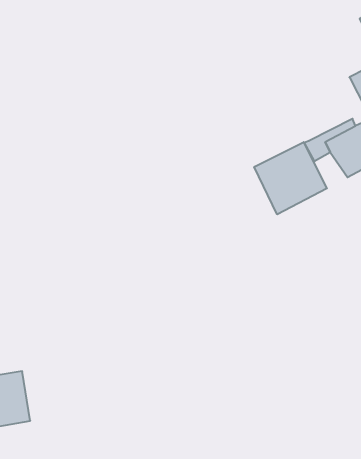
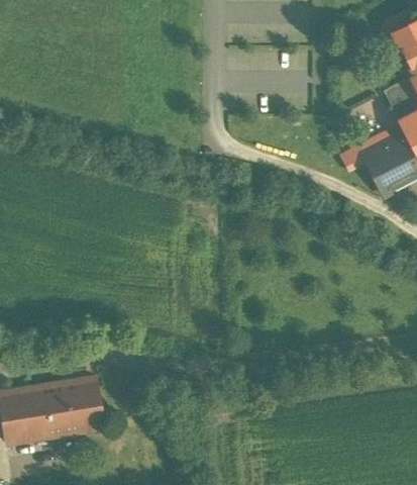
building: [254,142,327,214] -> none
building: none -> [58,379,105,434]

